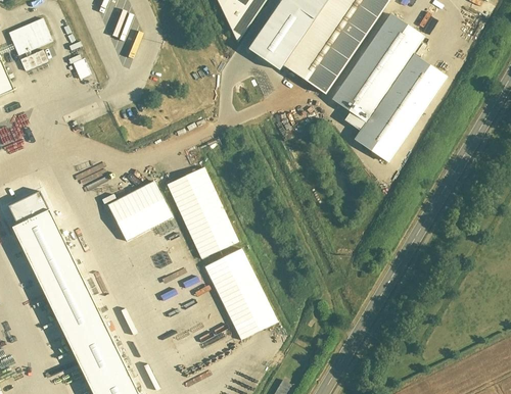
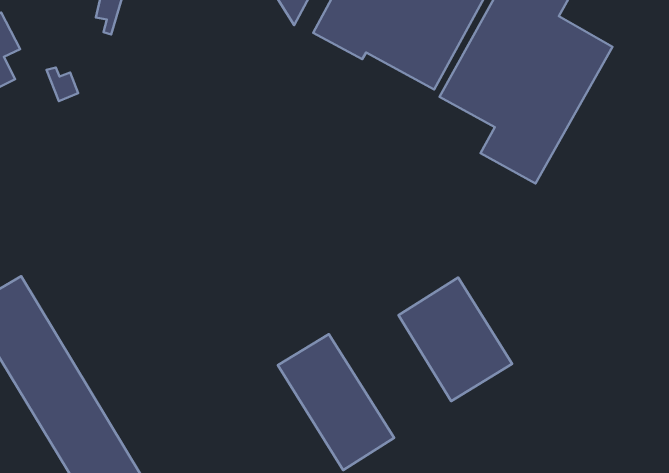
building: [164,166,237,259] -> none
building: [108,182,172,240] -> none
building: none -> [399,277,512,401]

